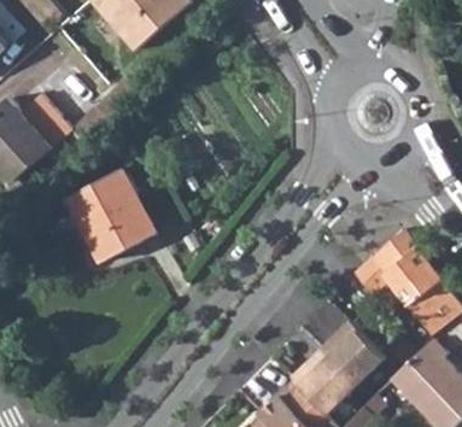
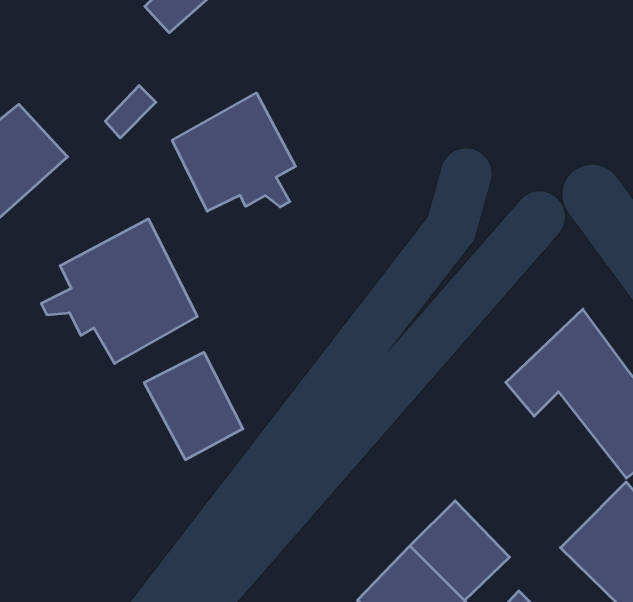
building: none -> [172,93,296,211]
building: none -> [144,352,243,460]
building: [321,322,385,386] -> none

